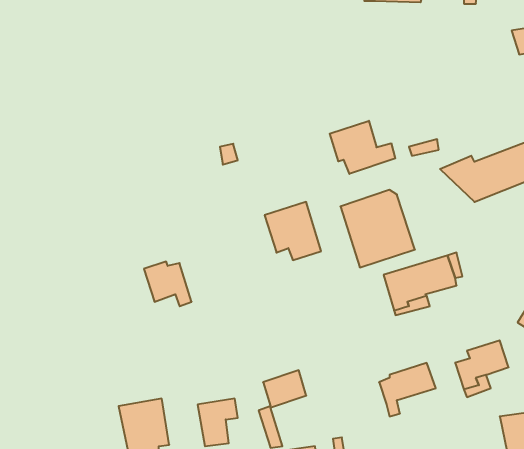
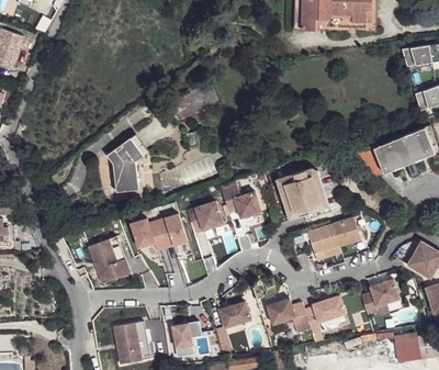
building: [330,121,395,174] -> none
building: none -> [108,136,147,193]
building: none -> [185,201,223,235]
building: none -> [157,214,188,250]
building: none -> [87,239,131,284]
building: none -> [266,296,309,330]

